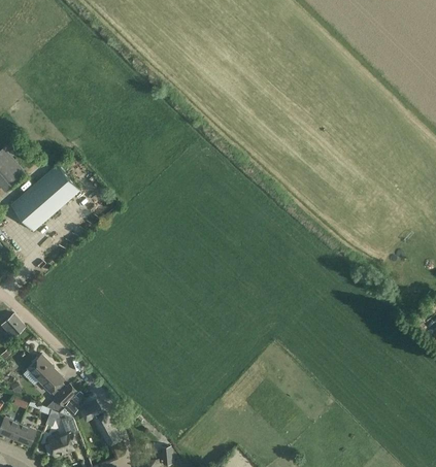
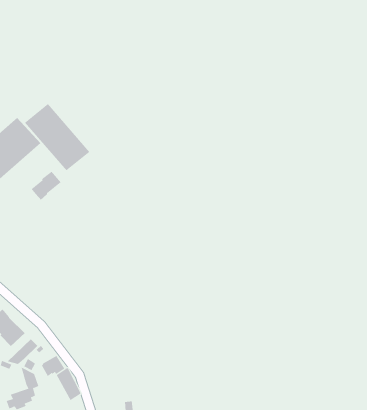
building: none -> [24,103,90,171]
building: none -> [31,171,62,201]

